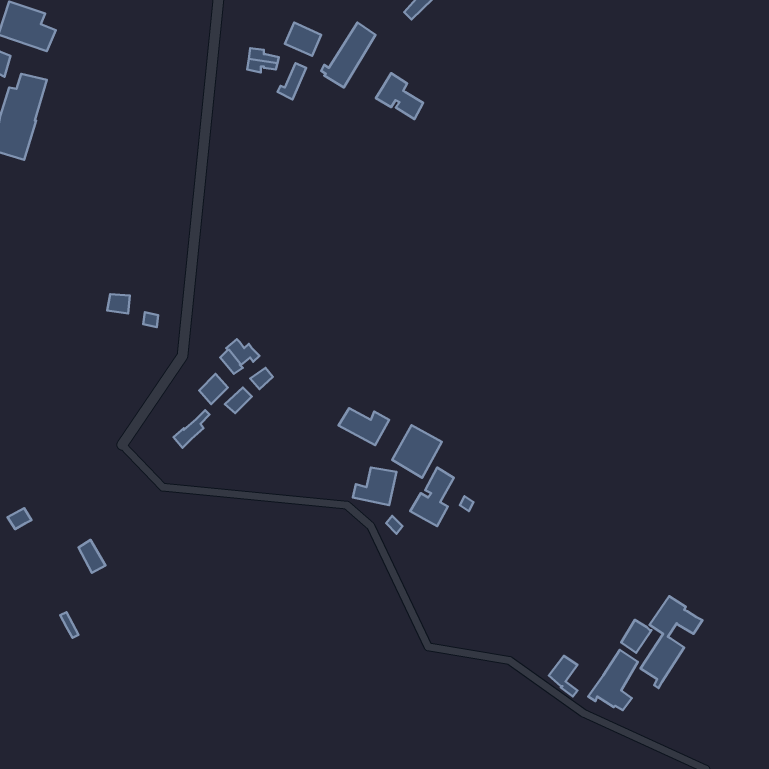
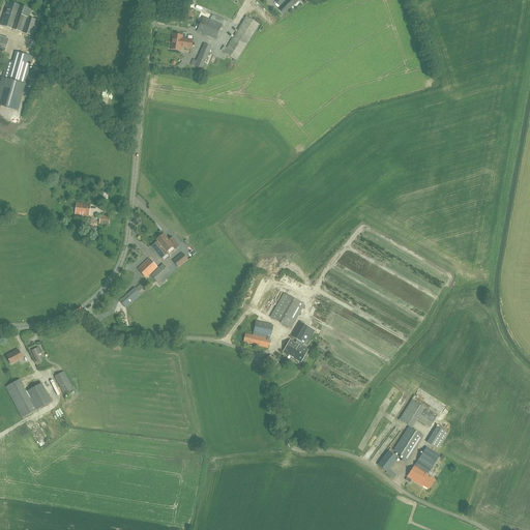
building: [376,73,423,119] -> none
building: [338,408,389,445] -> none
building: none -> [4,378,51,417]
building: [641,596,702,688] -> [392,400,435,463]

